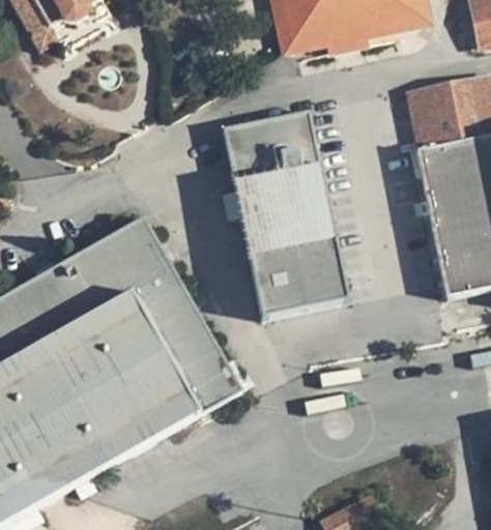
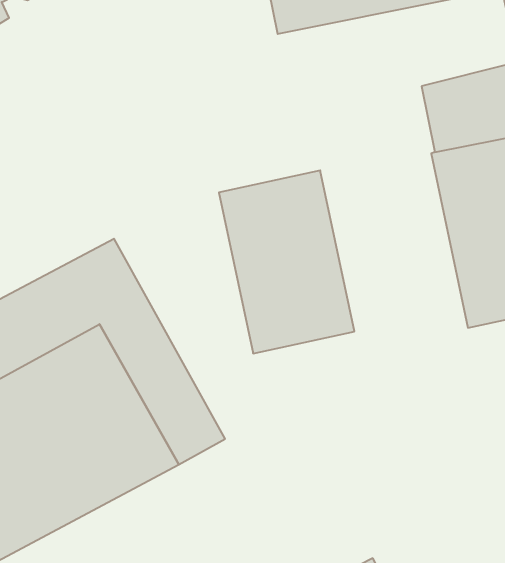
building: [222,112,319,184] -> none

